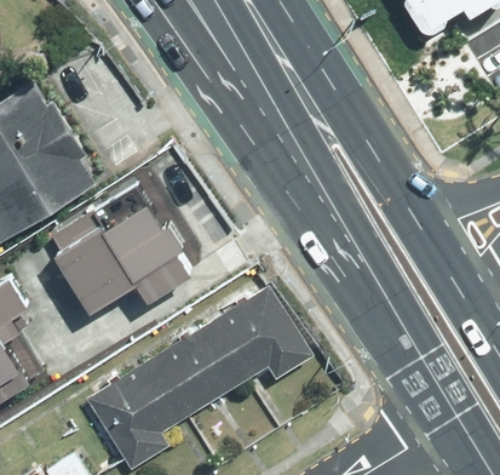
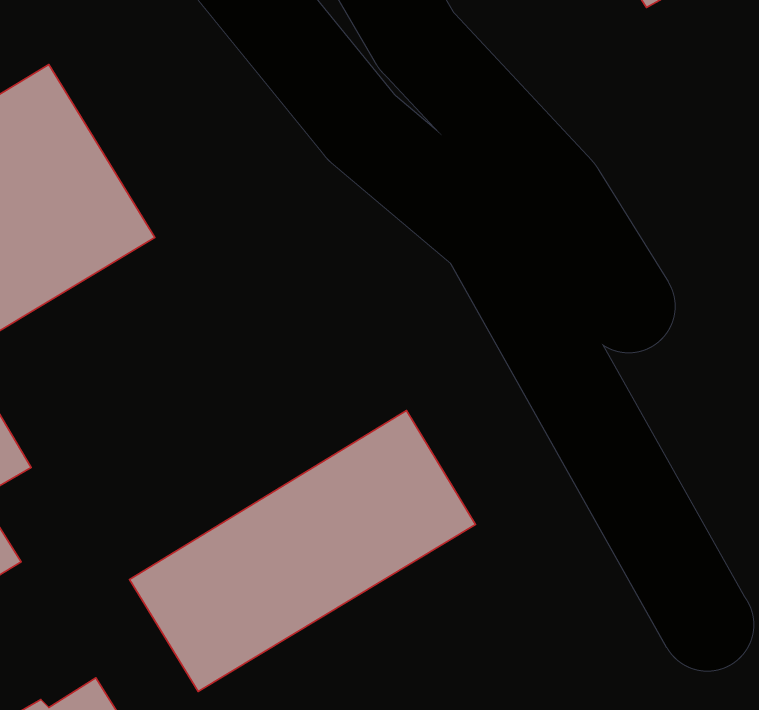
building: [46,181,192,305] -> none

